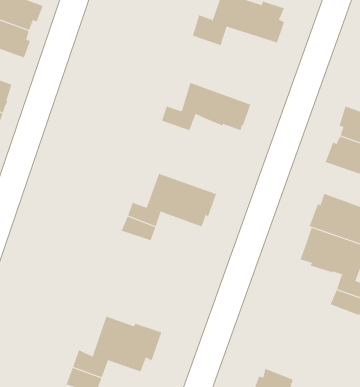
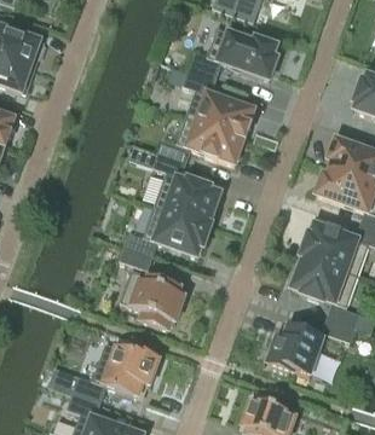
building: none -> [181,70,254,137]
building: none -> [152,152,220,222]
building: none -> [120,268,184,327]
building: none -> [267,324,323,373]

